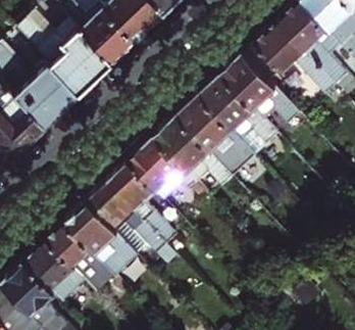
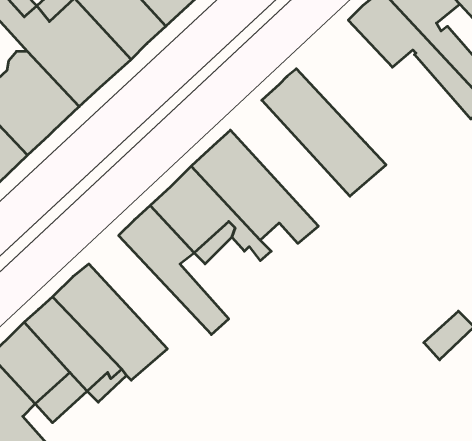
building: [221,51,302,124] -> none
building: [179,92,256,174] -> none
building: [87,180,180,268] -> none

